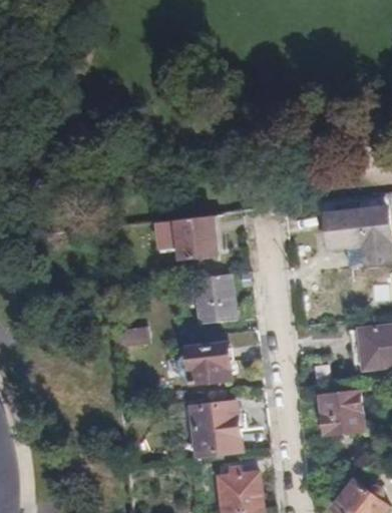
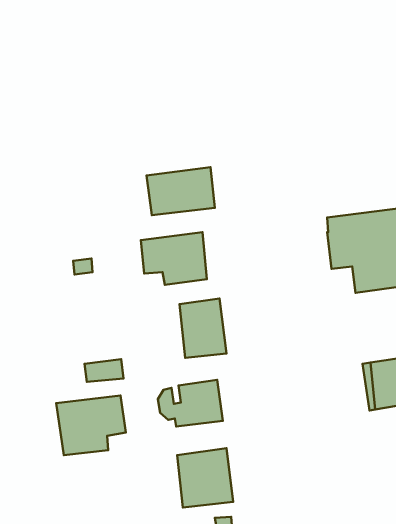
building: none -> [146,167,215,215]
building: none -> [56,395,126,455]
building: [322,392,367,437] -> none

